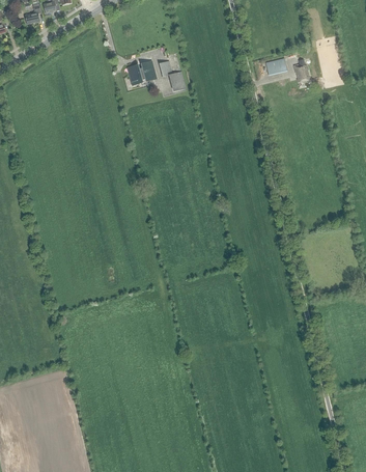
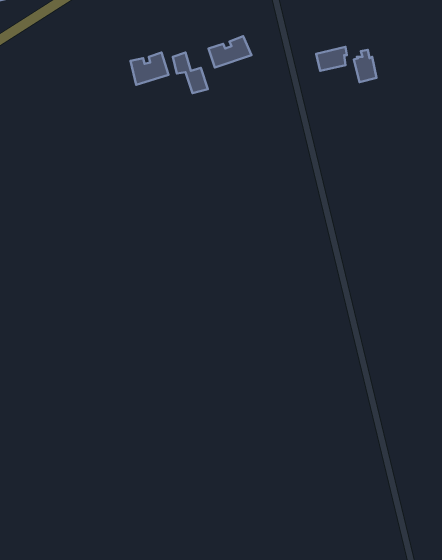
building: none -> [209,36,252,67]

